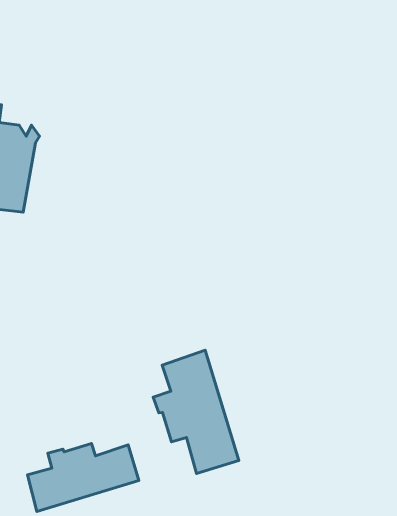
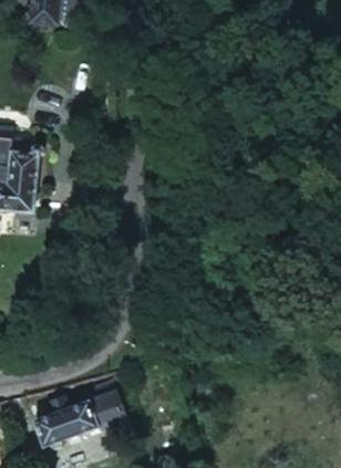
building: [153,350,239,473] -> none

